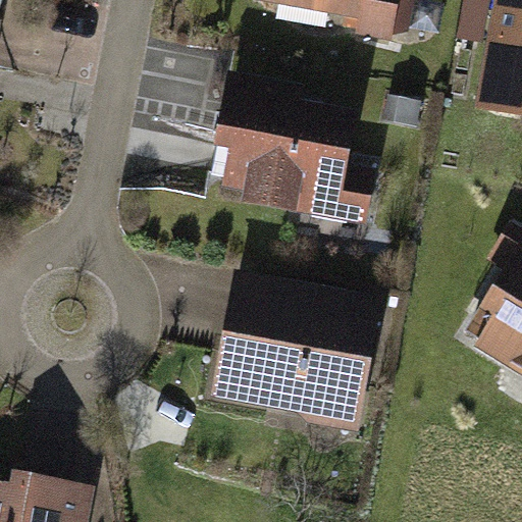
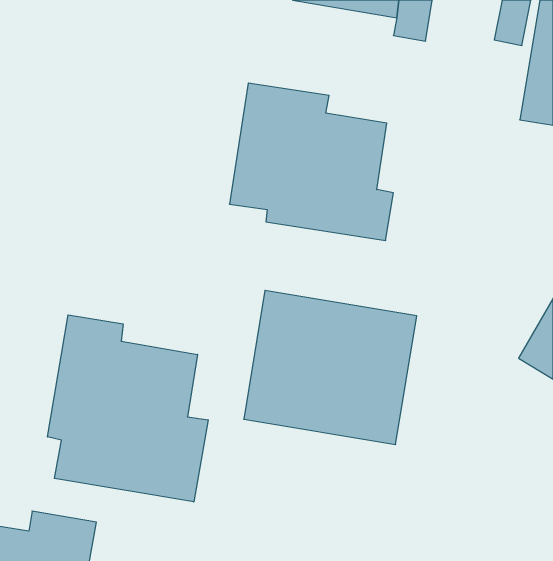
building: none -> [48,315,208,502]

